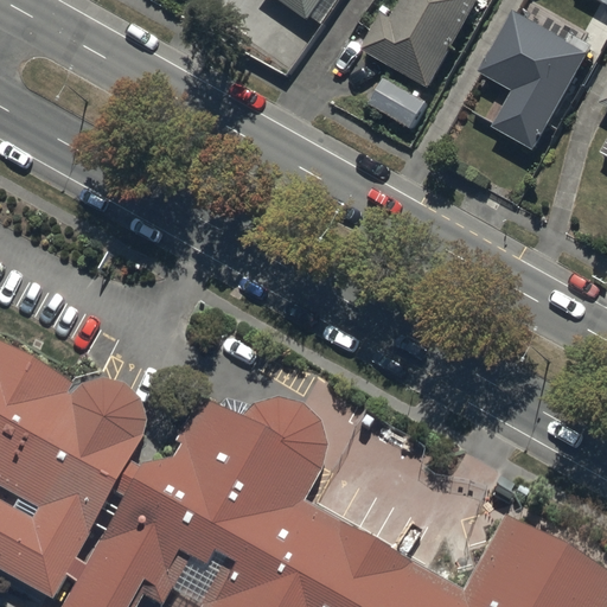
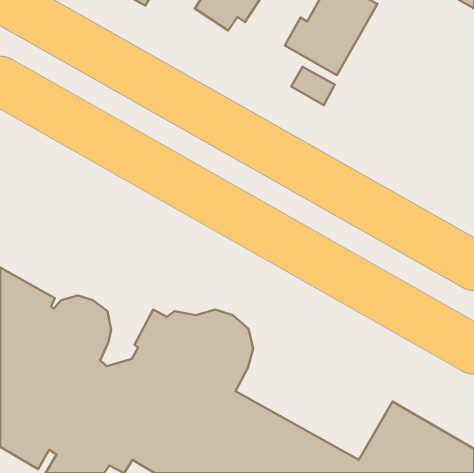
building: [480,18,596,158] -> none

